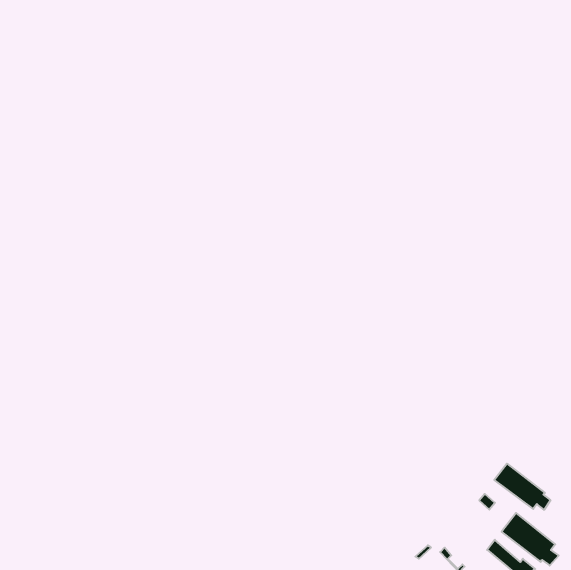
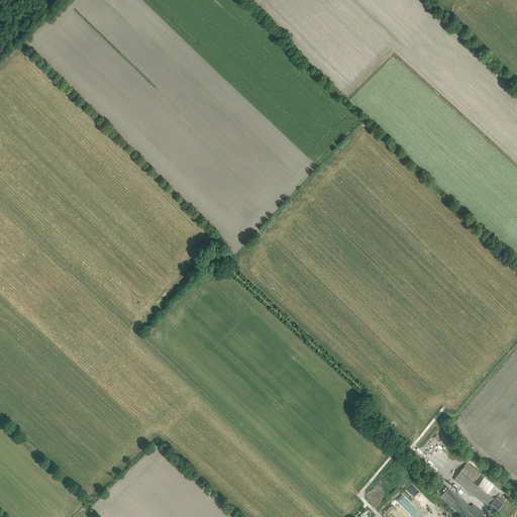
building: [494,464,550,510] -> none

